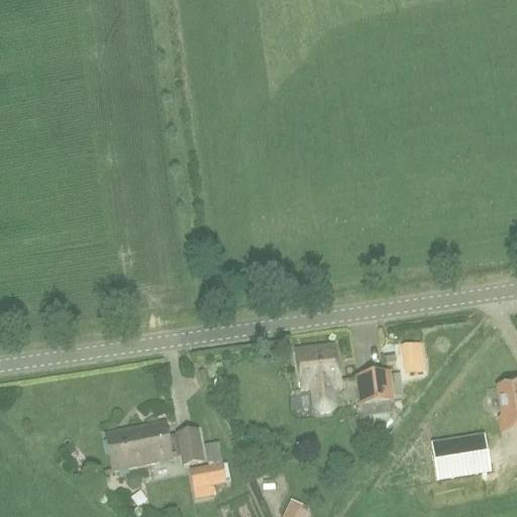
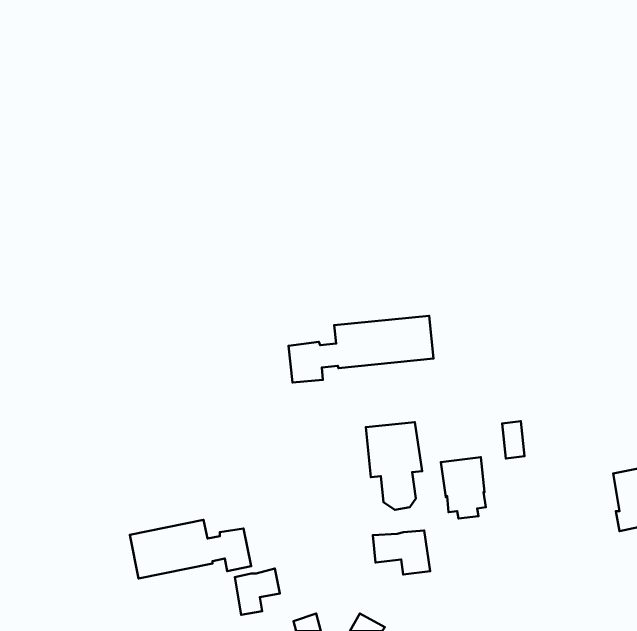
building: none -> [289,316,433,383]
building: none -> [373,531,430,575]
building: [432,432,490,478] -> none

